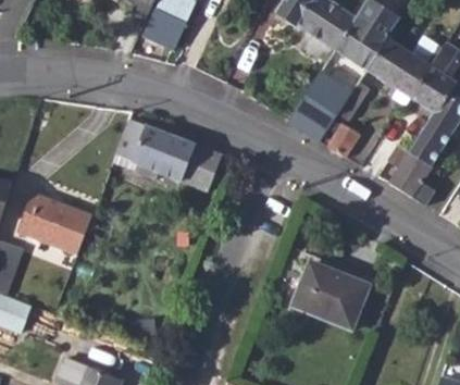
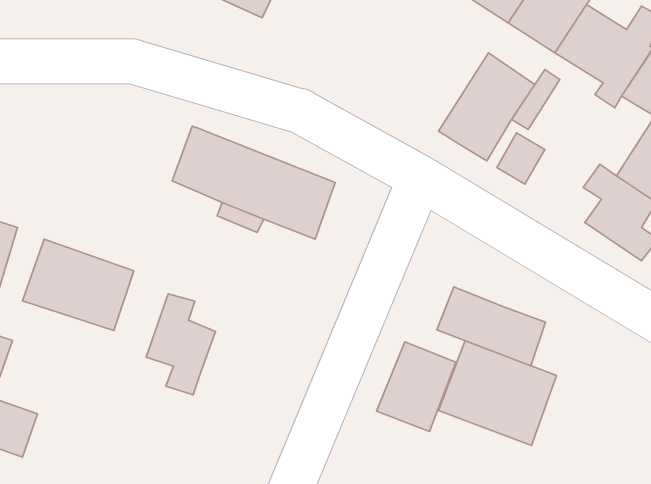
building: none -> [437,287,546,366]
building: none -> [146,294,216,395]
building: none -> [376,342,456,431]

